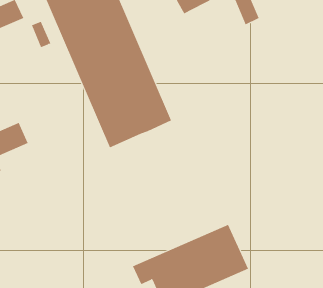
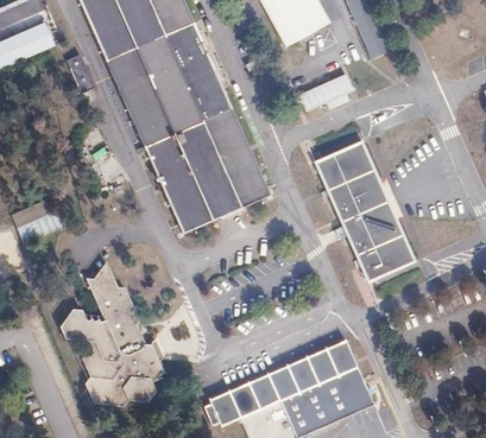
building: none -> [298,72,354,110]
building: none -> [315,140,411,279]
building: none -> [56,258,159,402]

